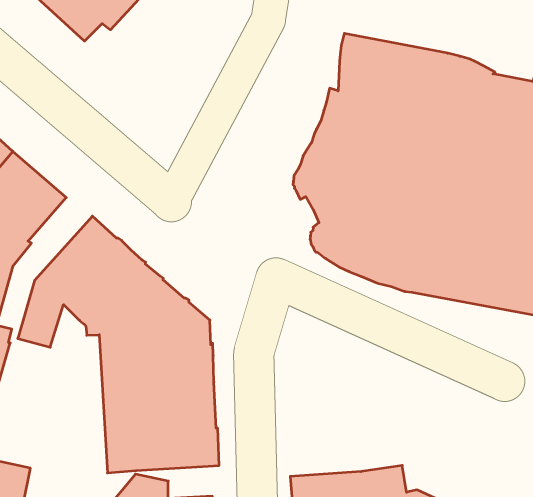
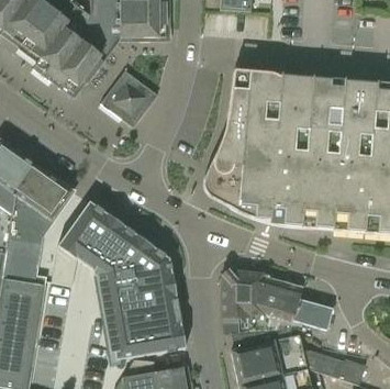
building: none -> [99,70,156,126]
building: none -> [220,268,332,332]

